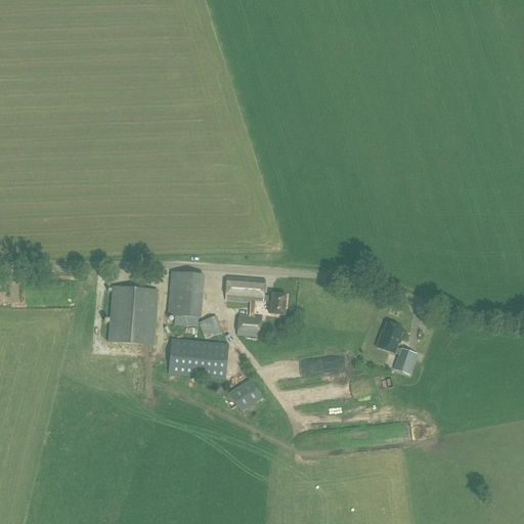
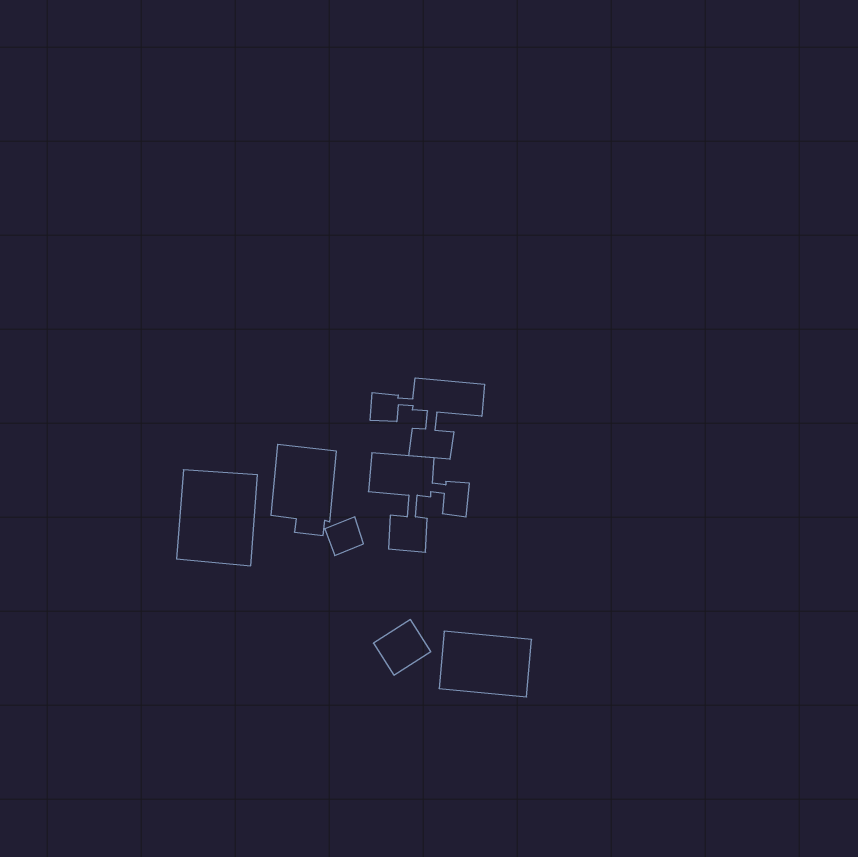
building: none -> [370,378,484,459]
building: [376,321,416,373] -> none
building: [172,338,228,378] -> [439,631,532,697]

